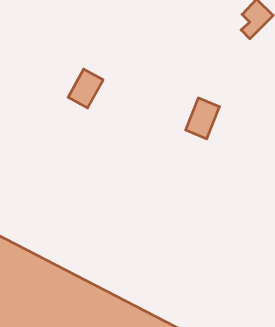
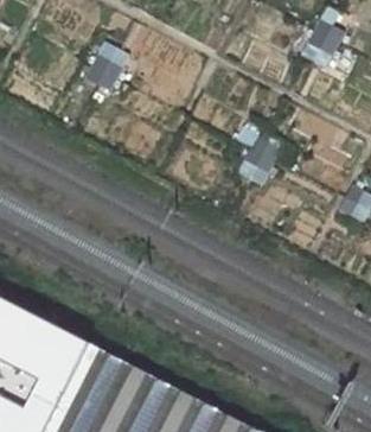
building: [68,69,103,108] -> [87,43,129,90]

